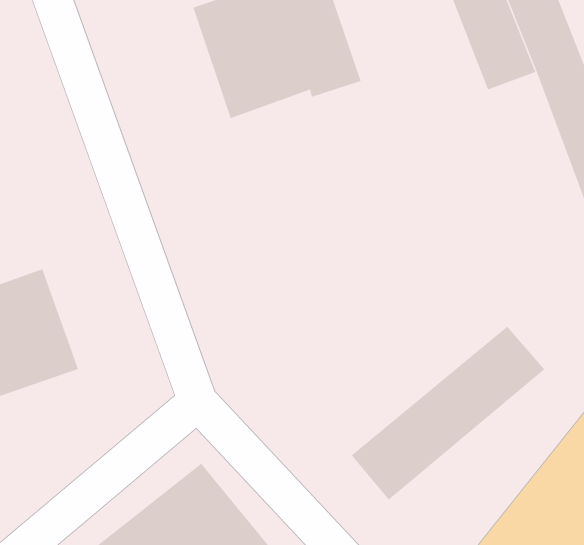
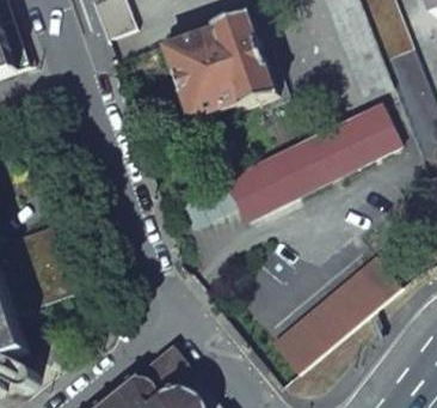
building: none -> [176,105,398,230]

